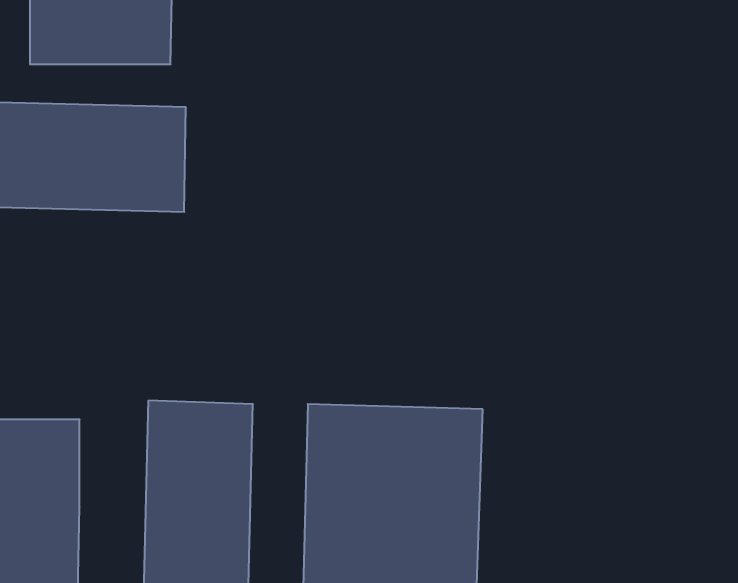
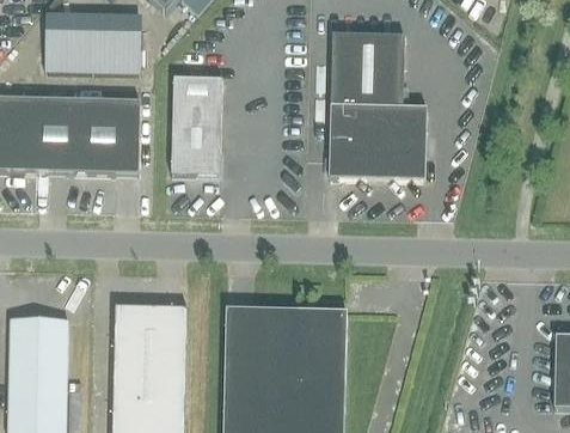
building: none -> [330,32,428,179]
building: none -> [172,75,222,173]

